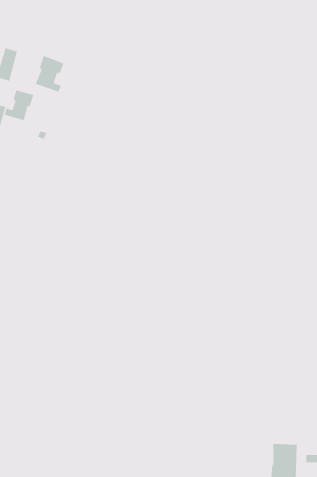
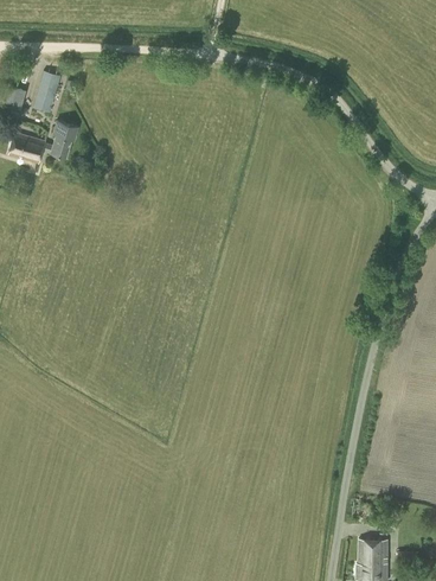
building: [35,55,64,93] -> none

